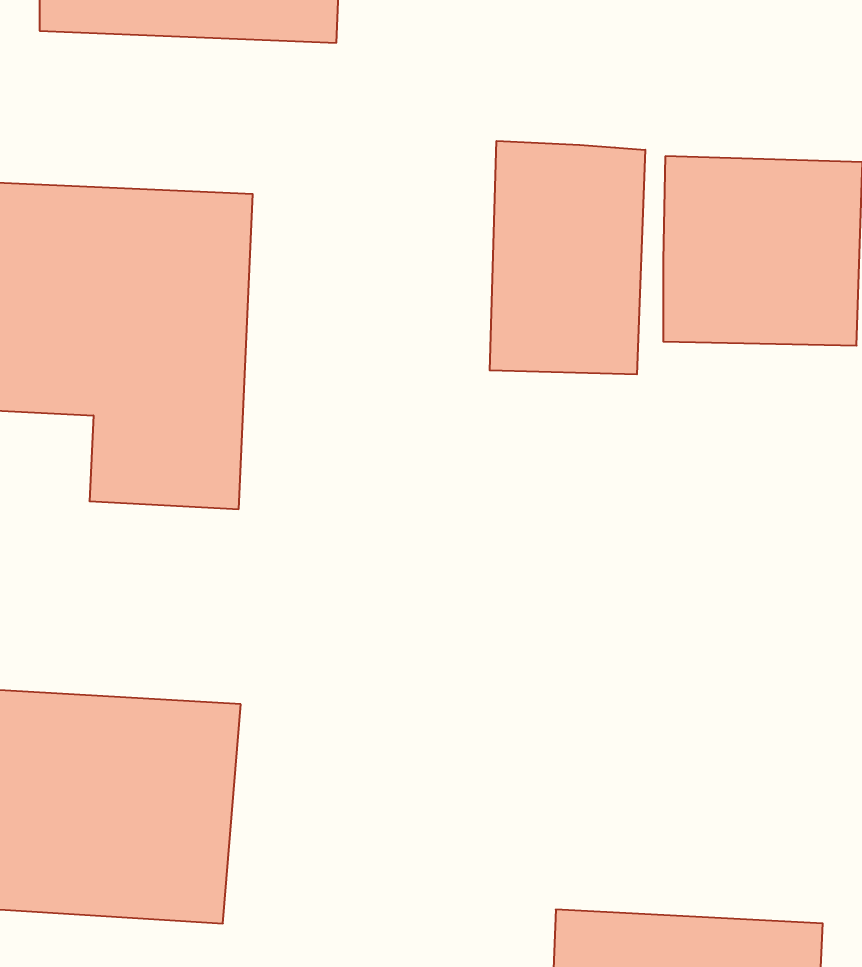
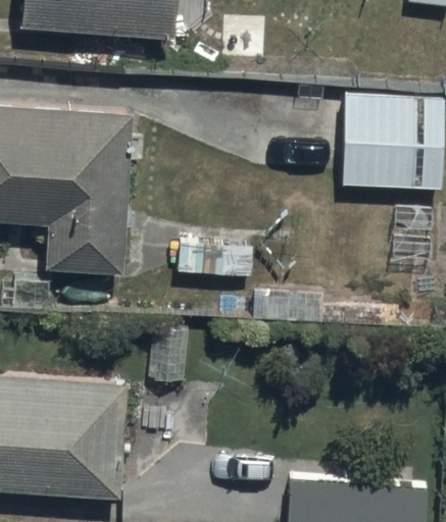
building: [490,141,645,374] -> none

